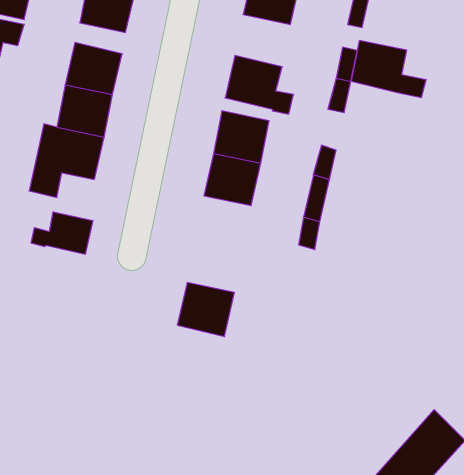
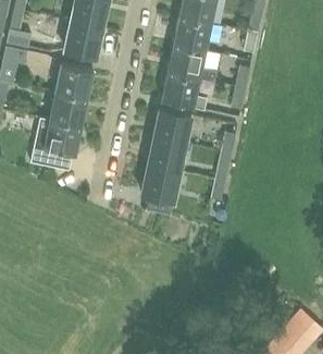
building: [351,41,426,98] -> [169,44,219,82]
building: [31,212,93,254] -> none
building: [177,283,234,337] -> [141,164,179,200]

